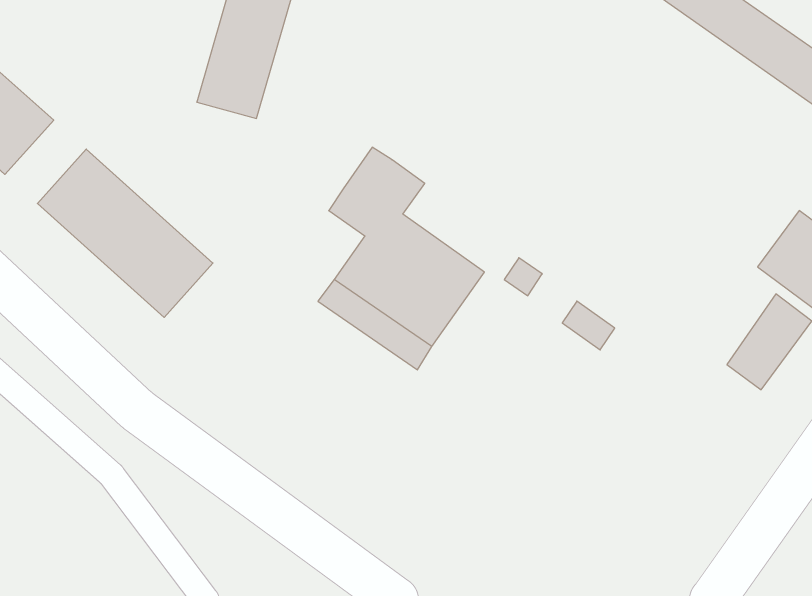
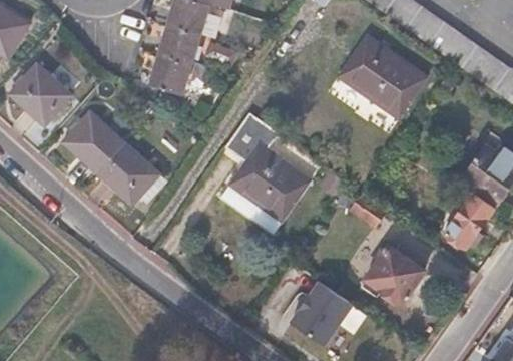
building: none -> [335,33,425,116]
building: none -> [367,245,423,303]
building: none -> [291,281,355,345]

